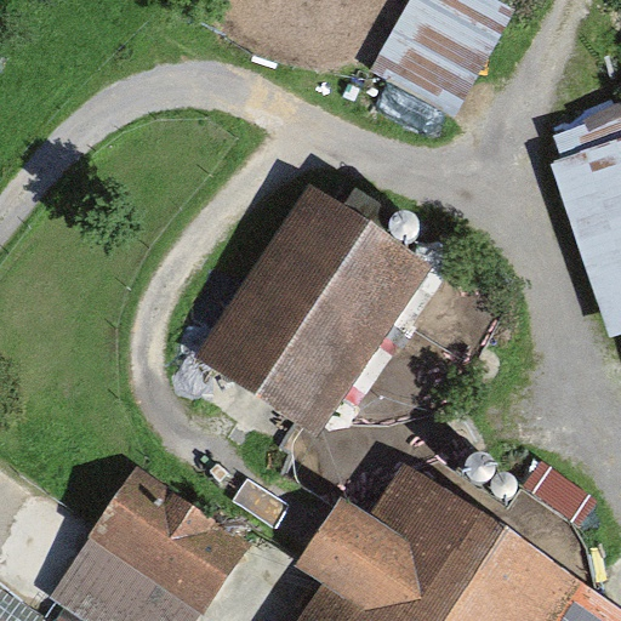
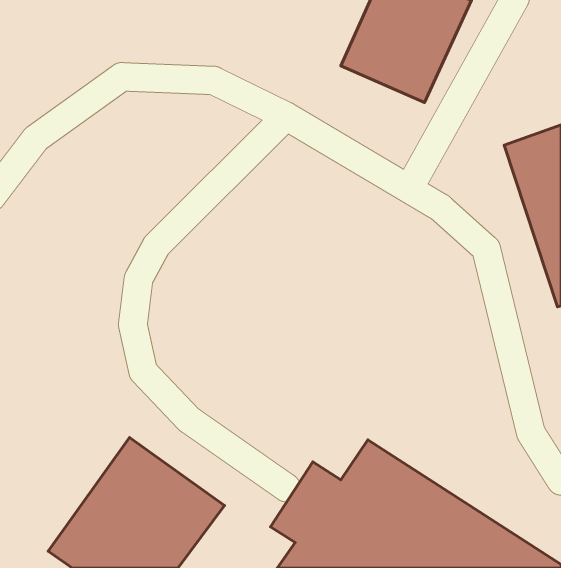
building: [212,186,444,432] -> none

